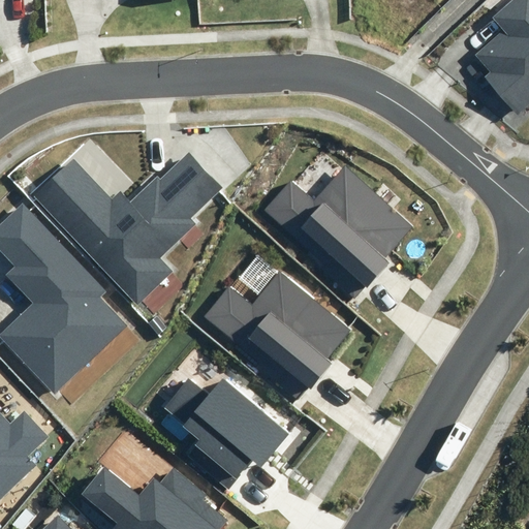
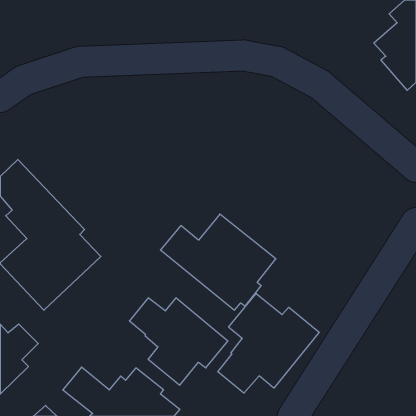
building: [35,151,223,302] -> none
building: [263,162,414,294] -> none
building: none -> [218,293,319,393]

